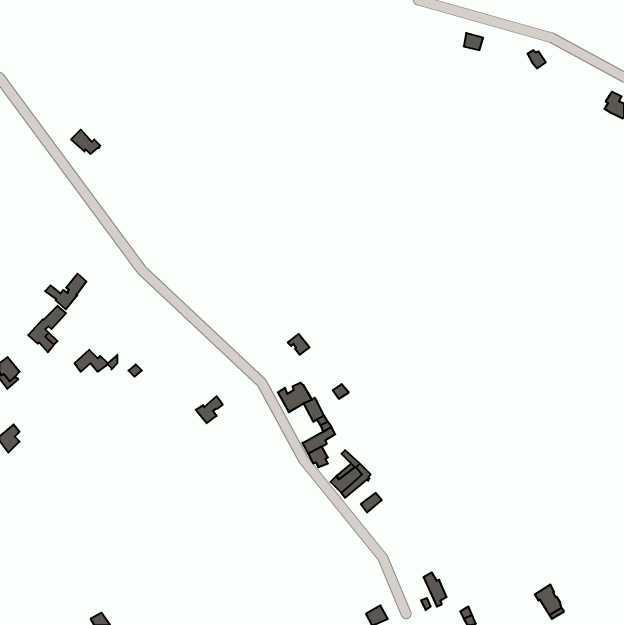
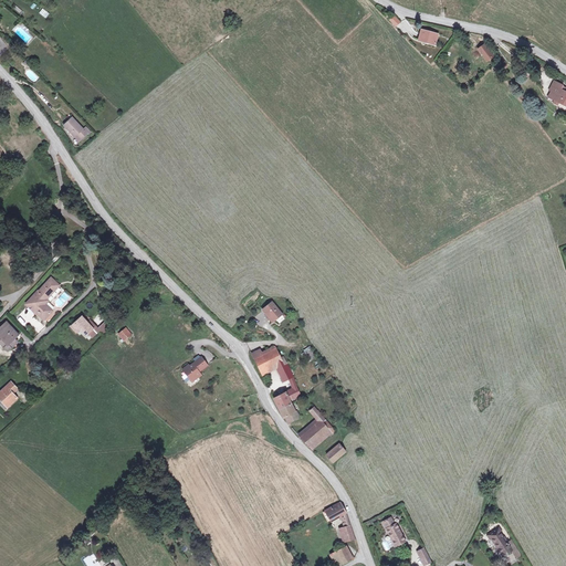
building: [45,274,86,309] -> none
building: none -> [322,502,354,542]

